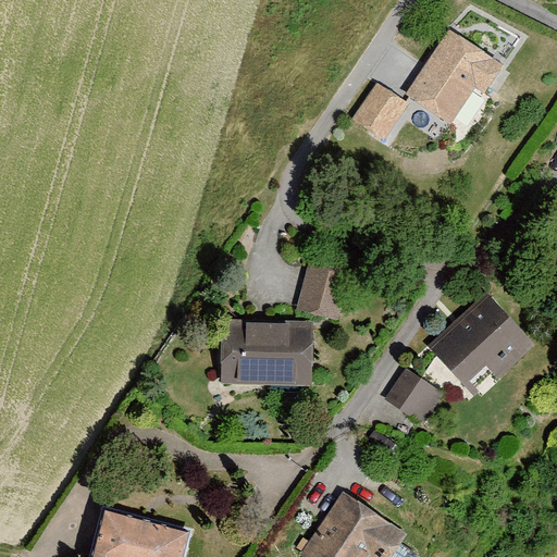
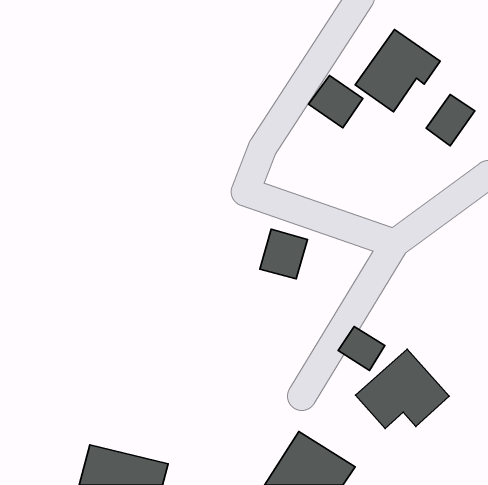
building: none -> [426,95,475,146]
building: [429,294,535,384] -> [356,349,449,428]
building: [219,321,312,385] -> none

